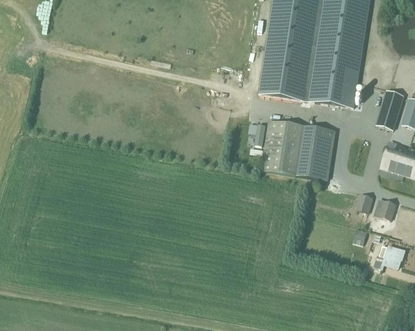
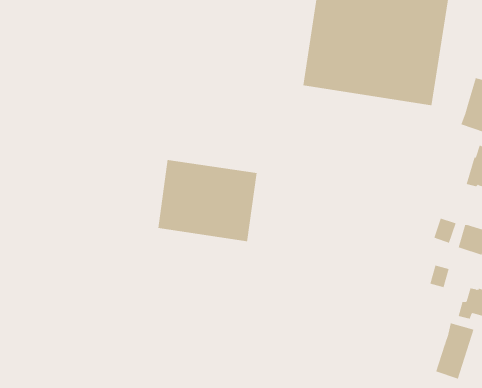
building: [261,119,335,180] -> [158,159,257,242]
building: none -> [436,323,474,380]

